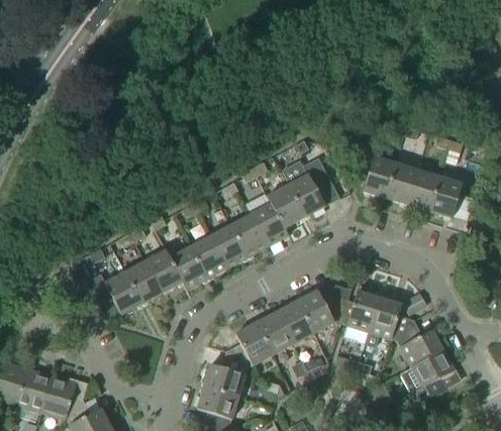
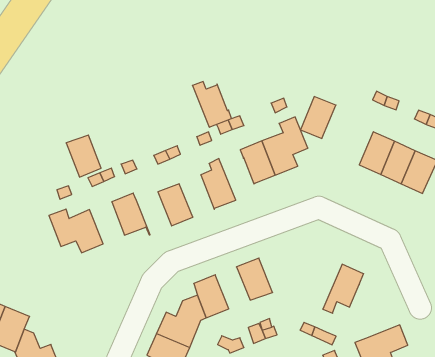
building: [365,156,397,197] -> [300,97,336,138]
building: [247,201,290,245] -> [192,82,232,127]
building: [211,224,248,266] -> none
building: [171,245,208,289] -> none
building: [125,260,163,303] -> [66,135,101,177]
building: [298,289,349,332] -> none
building: [344,291,381,343] -> none
building: [257,311,294,353] -> none
building: [393,315,444,367] -> none

